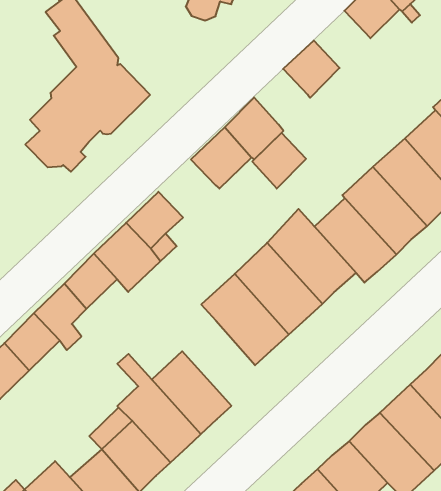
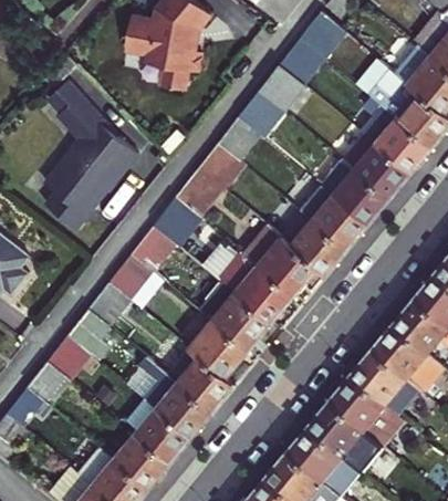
building: none -> [260,64,304,109]
building: [252,133,306,189] -> [219,116,261,160]
building: none -> [154,197,198,243]
building: none -> [189,321,248,379]

